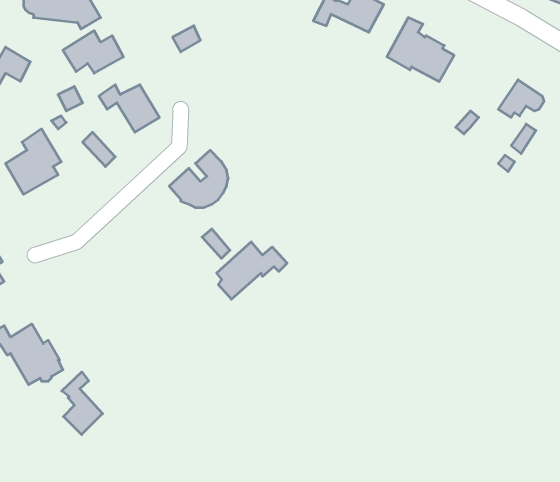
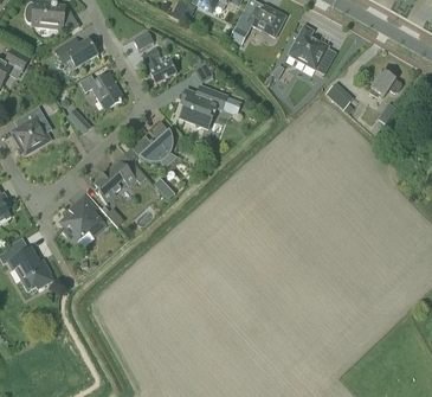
building: none -> [141,47,176,83]
building: none -> [181,83,228,127]
building: [217,242,287,299] -> [95,160,146,201]
building: none -> [58,193,108,241]
building: [62,372,103,435] -> none

